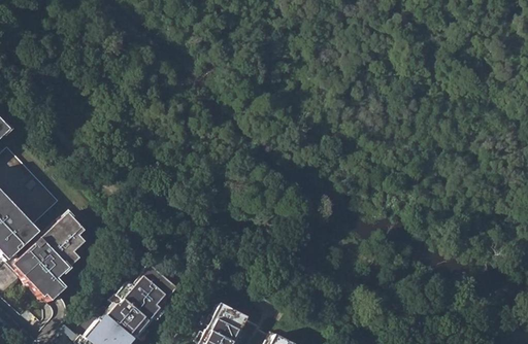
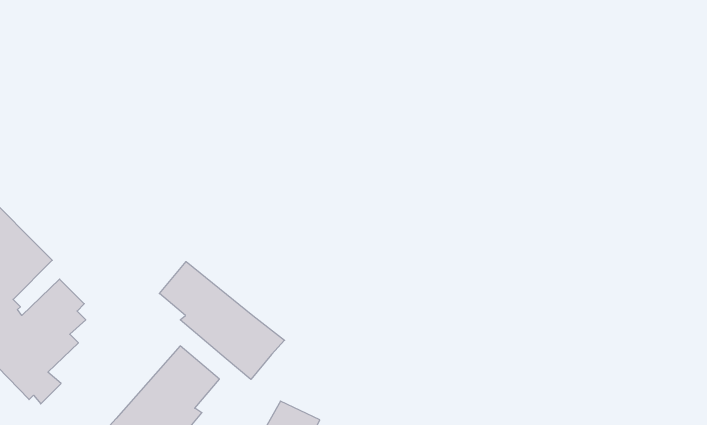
building: none -> [159,262,285,379]

